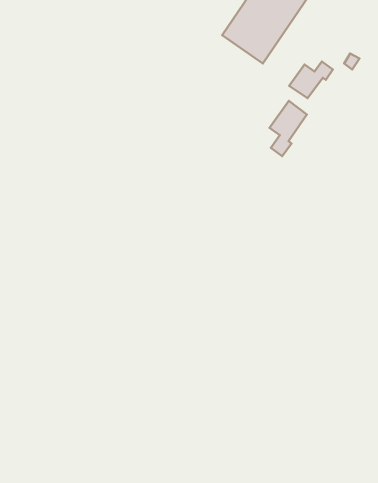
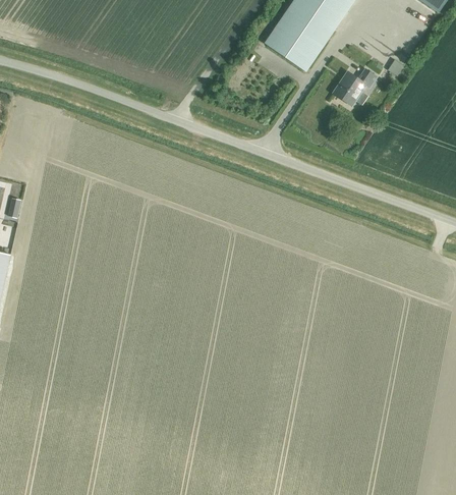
building: [270,101,307,156] -> none

